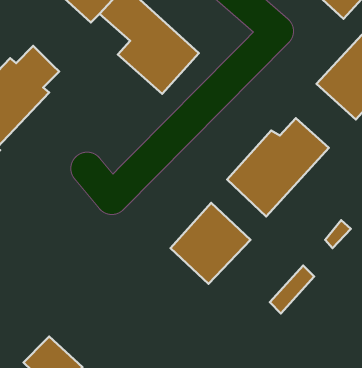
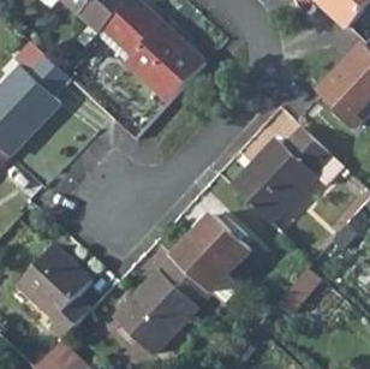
building: none -> [16,242,88,341]
building: none -> [117,251,214,349]

